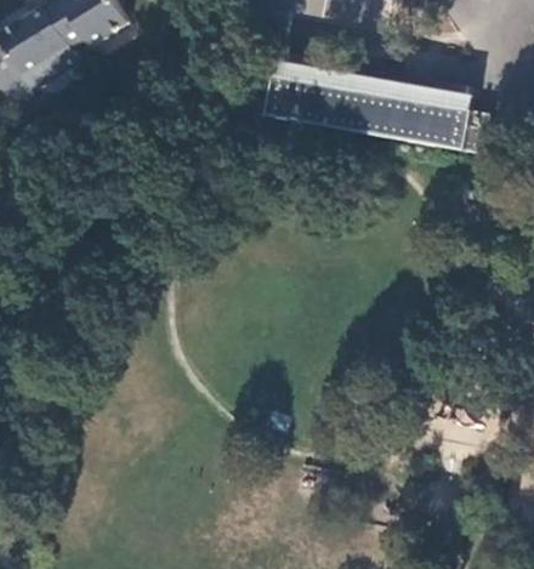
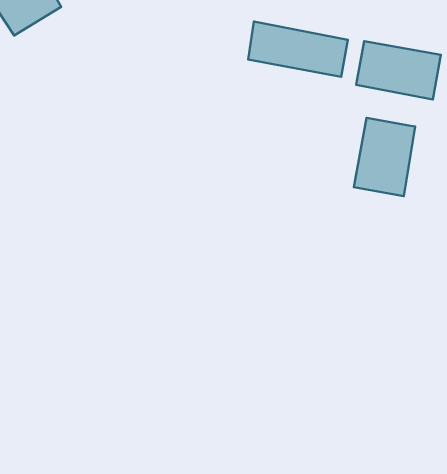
building: none -> [354,118,415,196]

